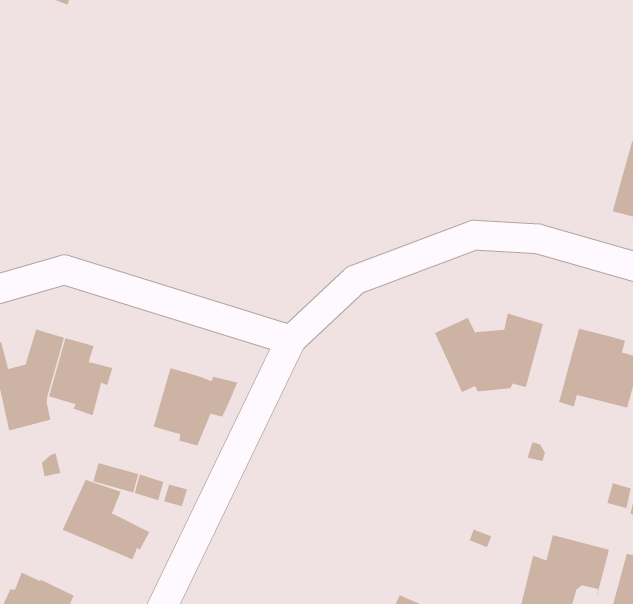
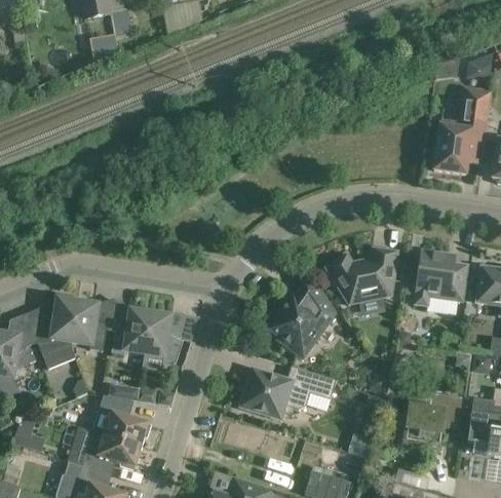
building: none -> [268,278,335,358]
building: none -> [110,309,150,354]
building: none -> [239,366,336,419]
building: none -> [66,425,142,473]

